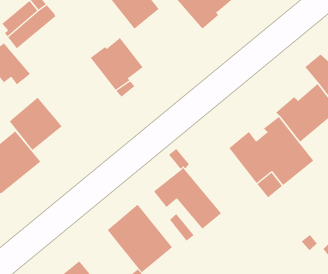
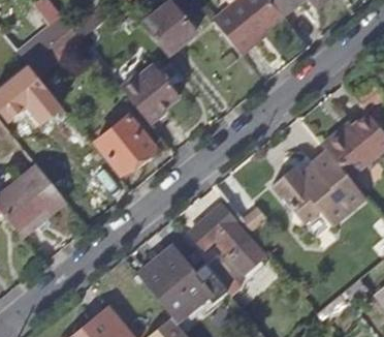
building: [9,97,62,151] -> [96,115,155,174]

